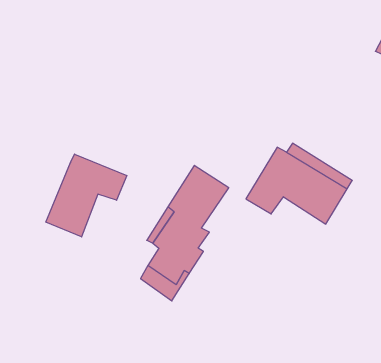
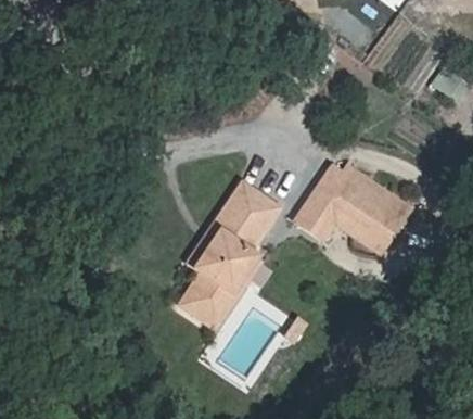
building: [46,154,127,237] -> none

